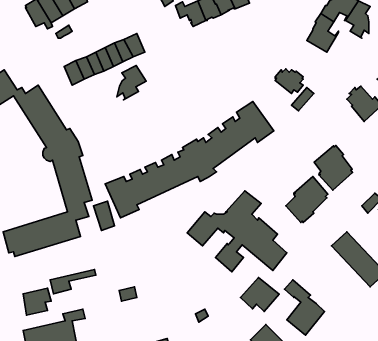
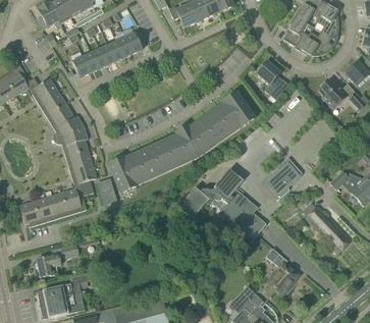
building: none -> [301,31,332,55]
building: [117,66,146,100] -> none
building: [314,146,353,190] -> none
building: [240,278,279,311] -> none

